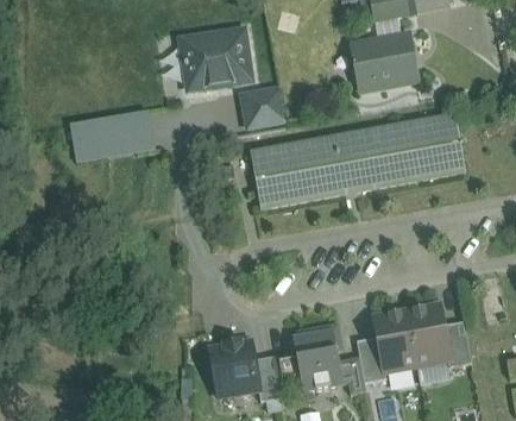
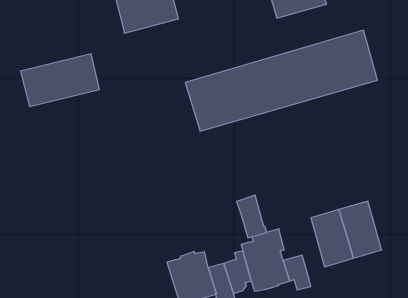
building: [241,88,284,127] -> none
building: [442,321,471,367] -> none
building: [355,337,385,383] -> [237,195,267,238]

